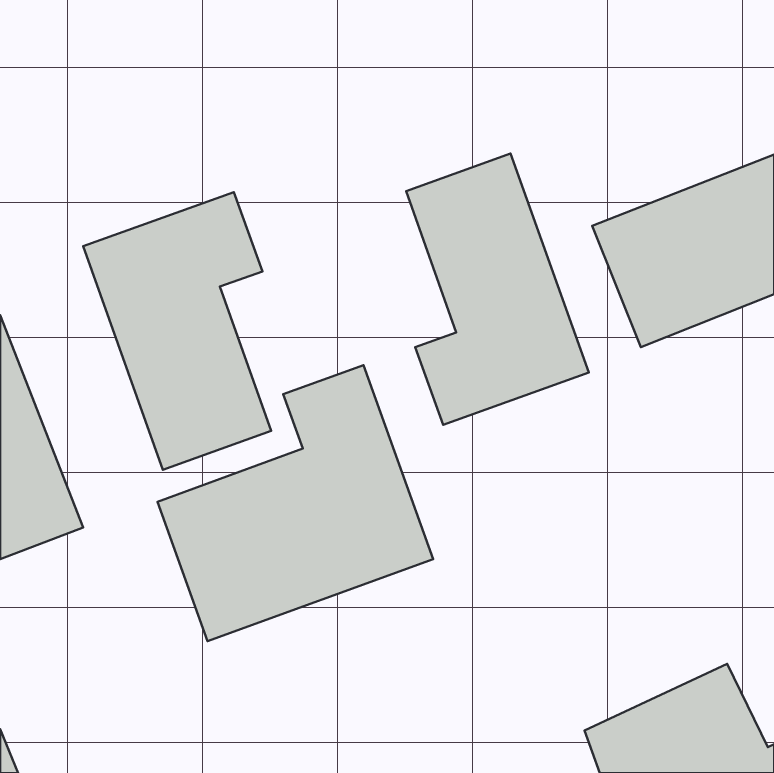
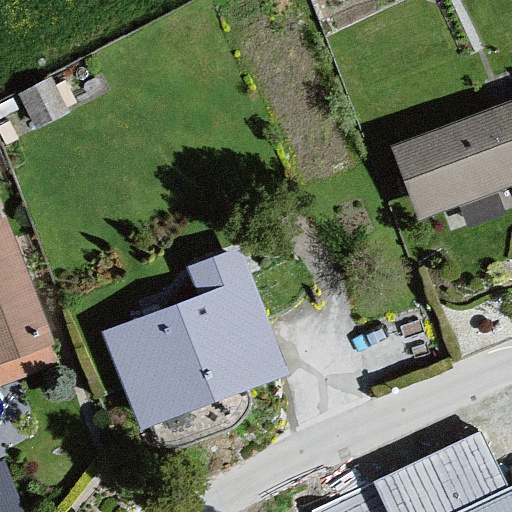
building: [406,154,589,425] -> none
building: [83,192,271,470] -> none

